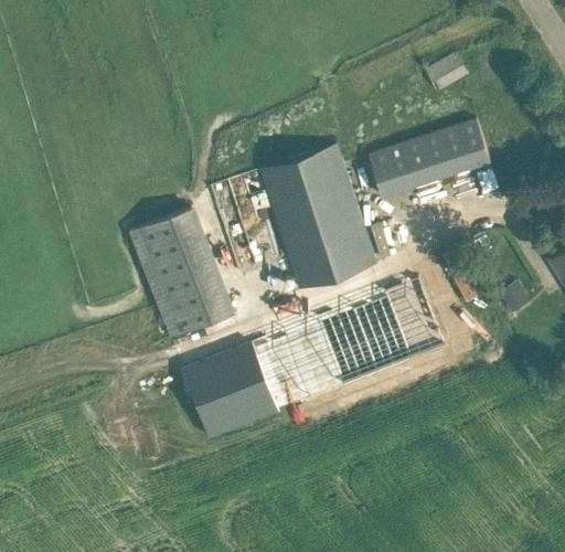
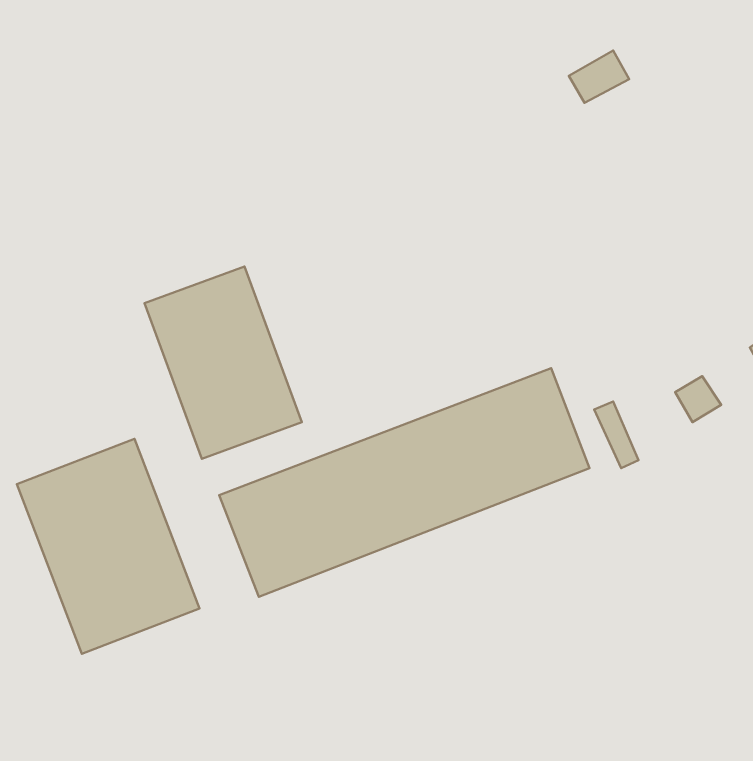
building: [367,120,490,199] -> none
building: [259,144,374,288] -> none
building: none -> [17,439,199,654]

